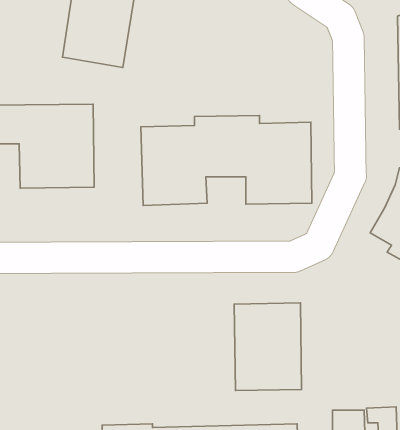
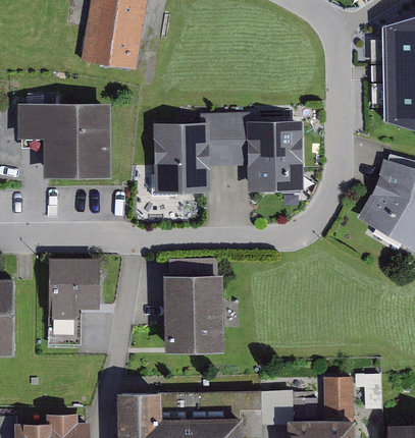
building: none -> [48,259,99,346]
building: [234,303,302,391] -> [164,274,224,352]

